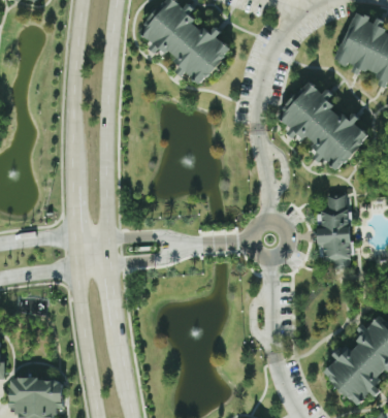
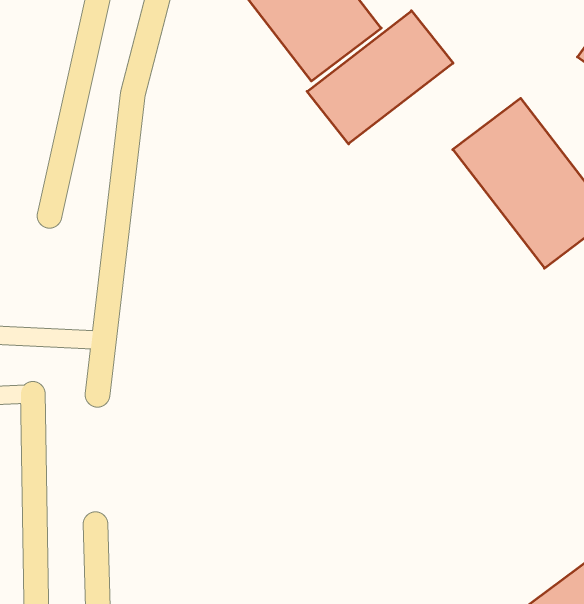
building: none -> [307,11,453,144]
building: [315,193,348,269] -> none

